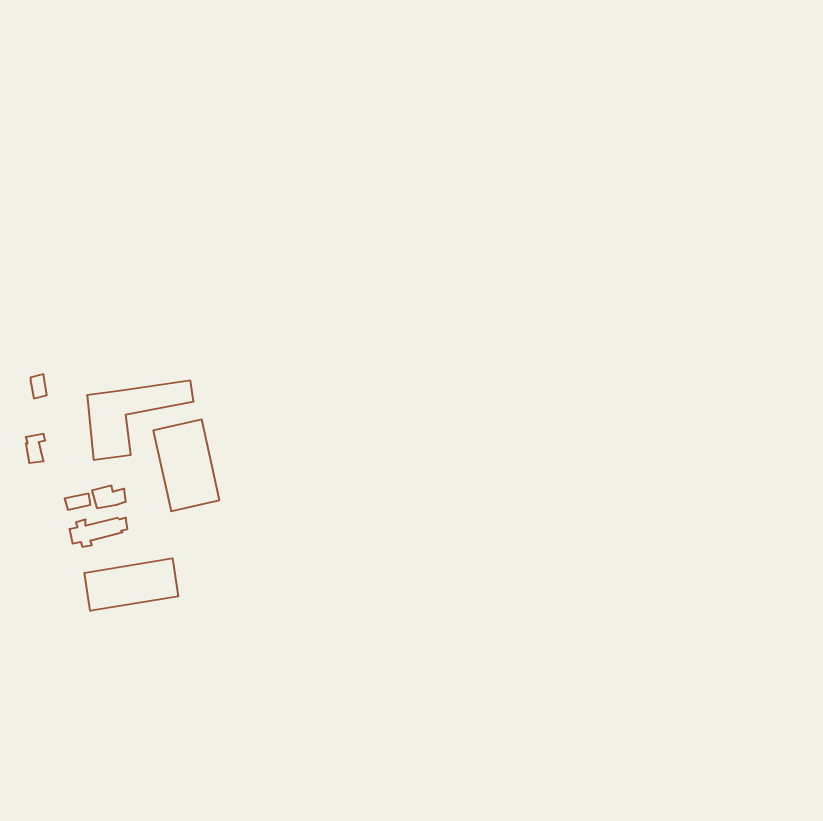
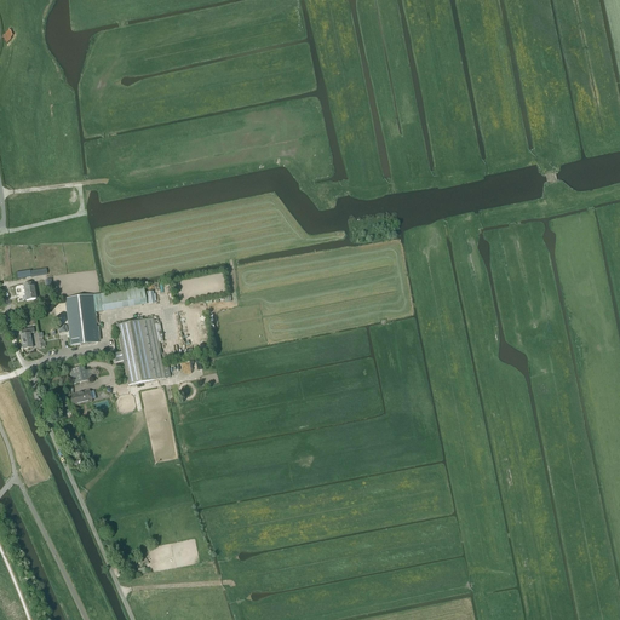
building: [85,558,178,611] -> none

